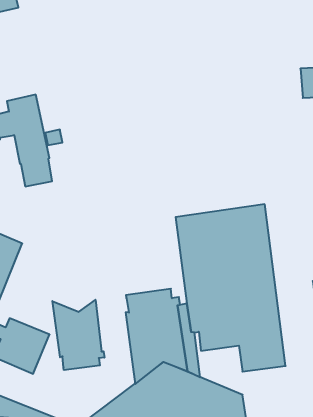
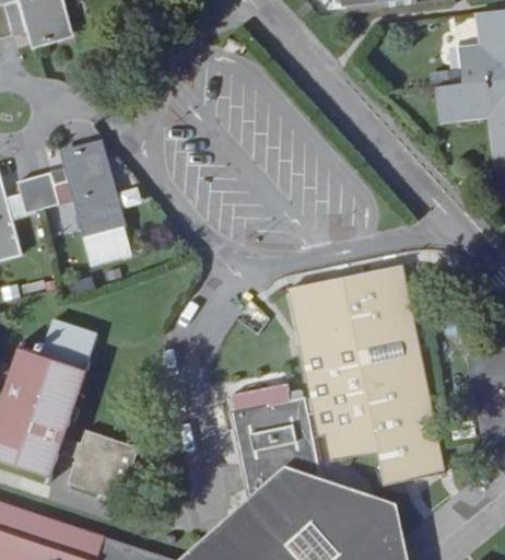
building: [52,300,104,370] -> none

